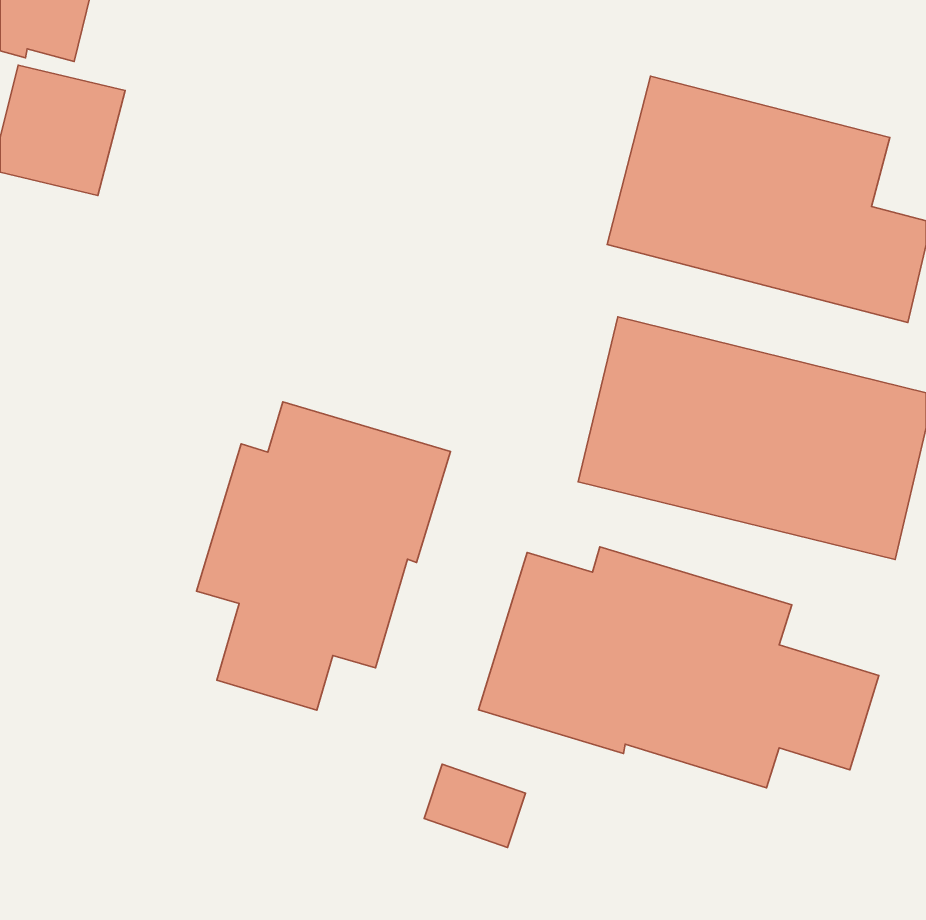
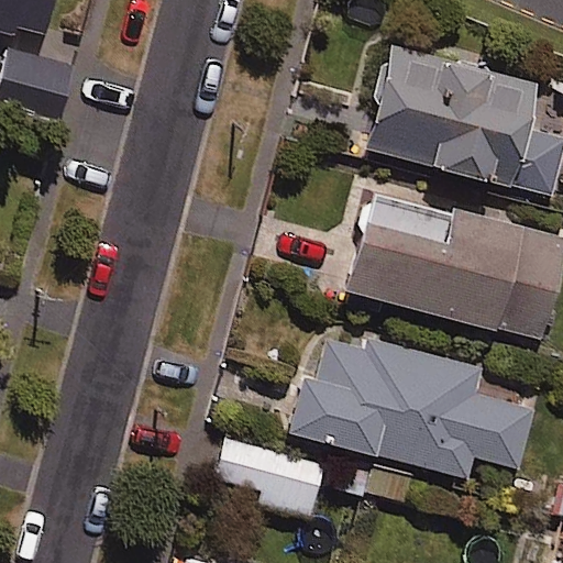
building: [197,402,450,710] -> none

